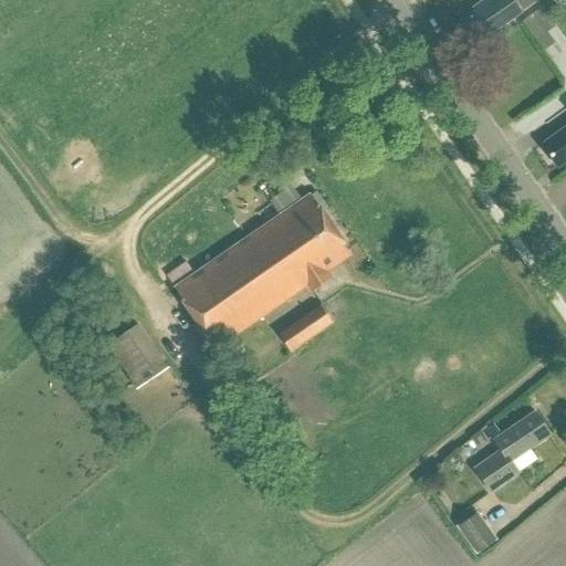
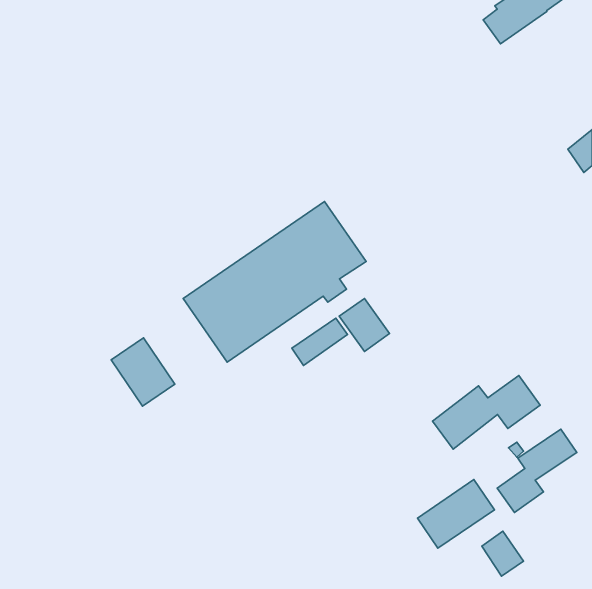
building: none -> [339,298,390,351]
building: none -> [433,375,540,449]
building: none -> [417,479,494,548]

